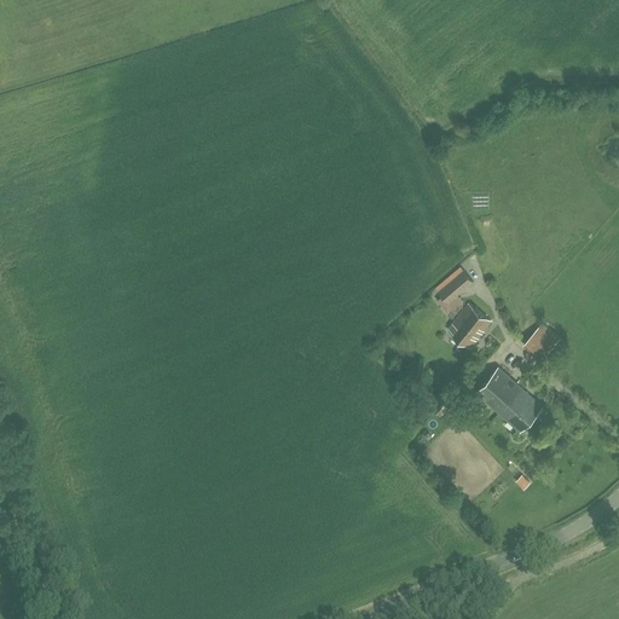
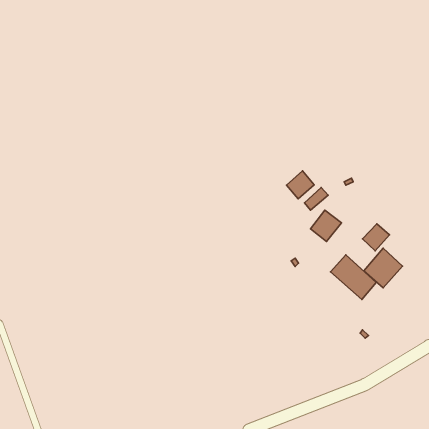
building: none -> [286,171,314,199]
building: none -> [364,248,403,288]

